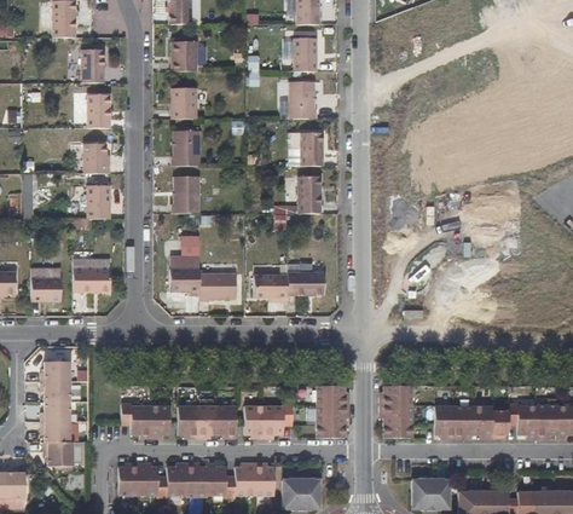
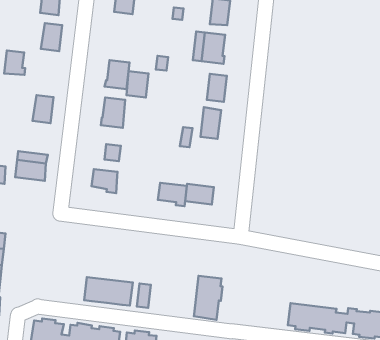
building: [172,88,197,119] -> [127,71,149,98]
building: [85,144,110,173] -> [4,50,25,75]
building: [201,273,236,301] -> none
building: [378,385,413,437] -> none
building: [121,400,169,434] -> none
building: [244,403,293,438] -> none

